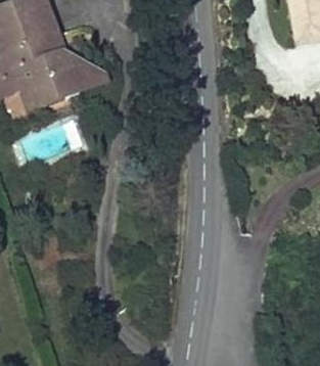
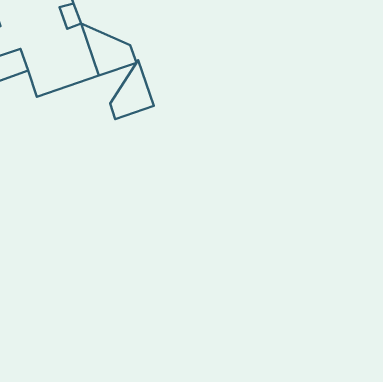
building: none -> [110,60,154,119]

